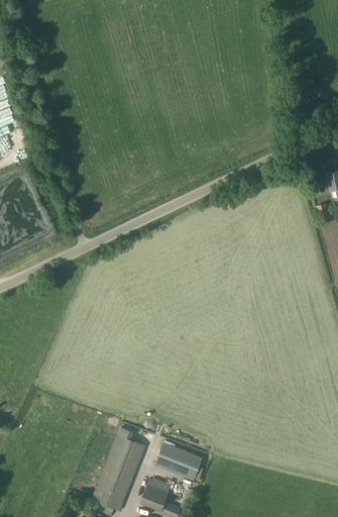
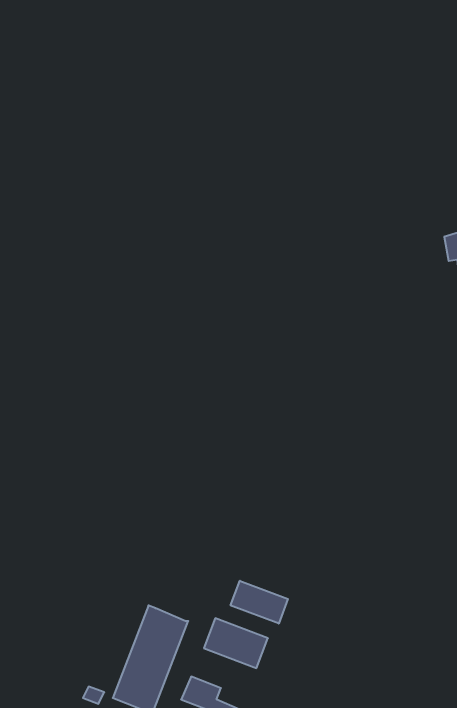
building: none -> [231,581,288,624]

